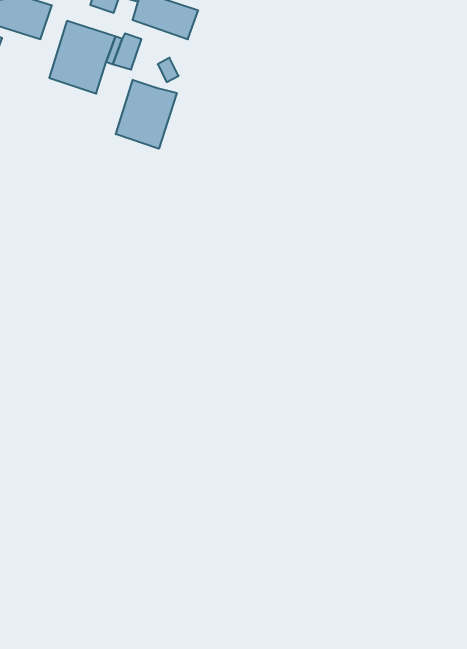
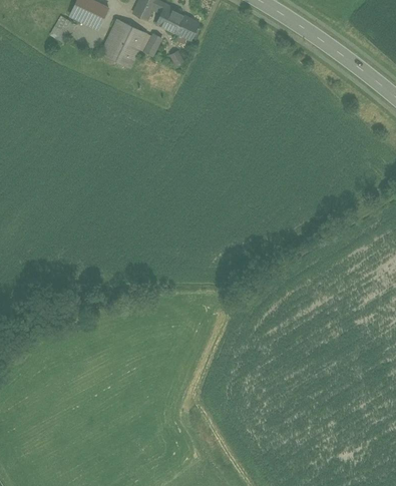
building: [116,80,177,149] -> none

